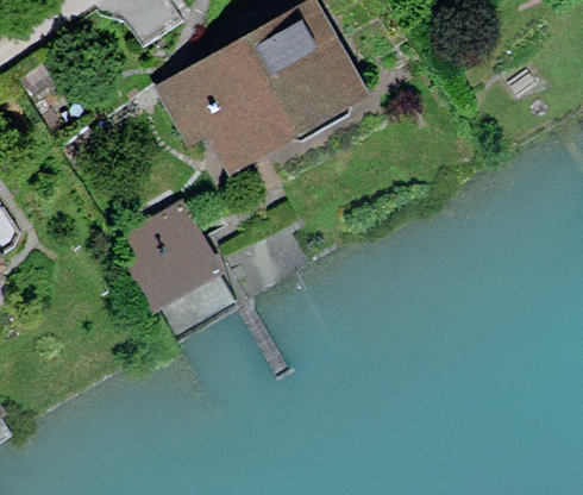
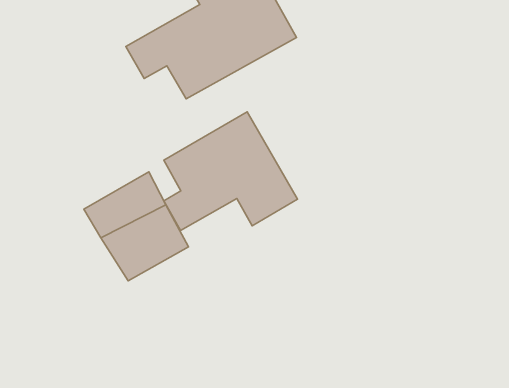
building: none -> [164,112,297,230]

